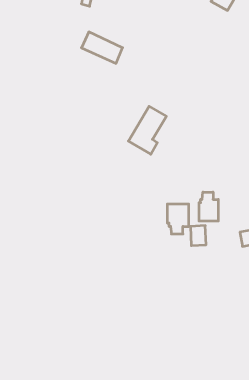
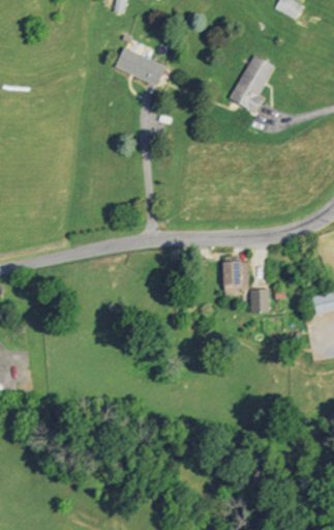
building: [128,106,166,154] -> [227,53,275,113]
building: [199,192,218,221] -> none

